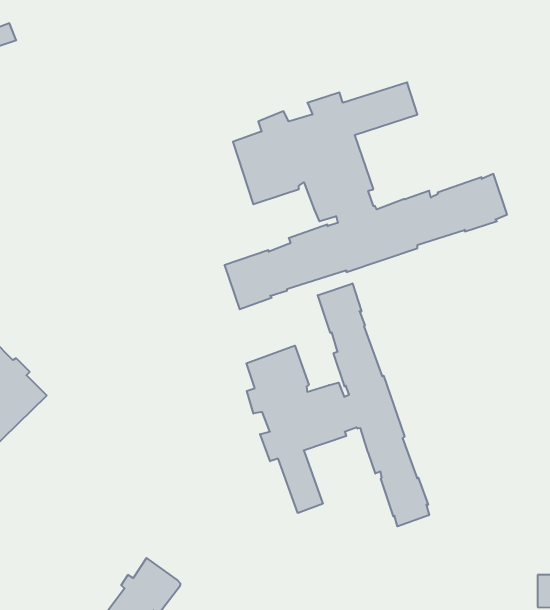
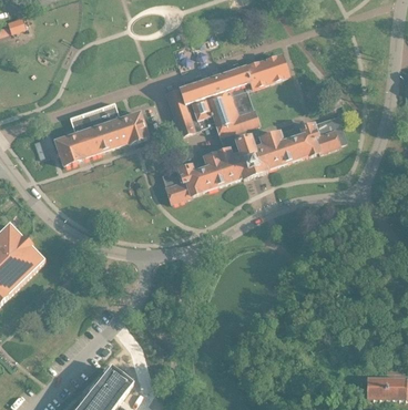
building: none -> [54,102,147,165]
building: [246,283,429,526] -> none

